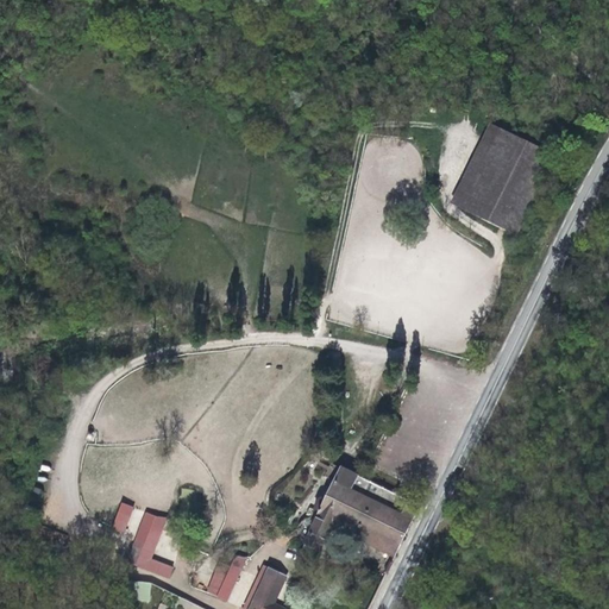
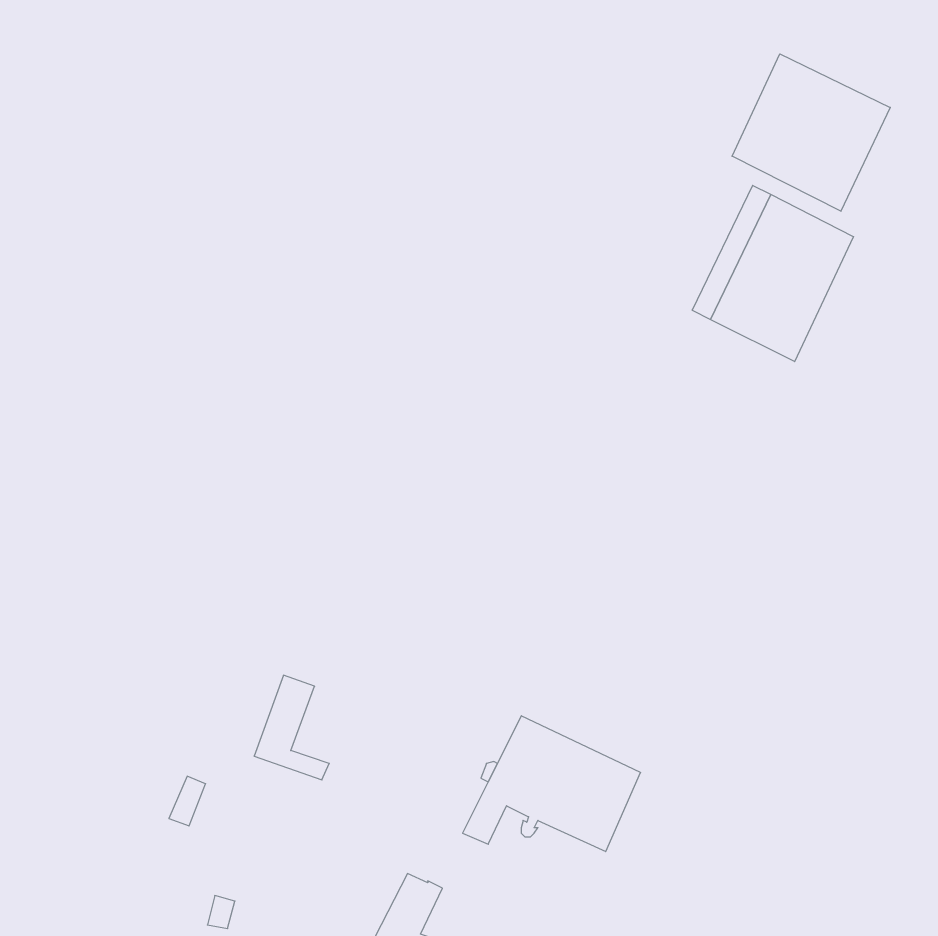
building: none -> [732,54,890,211]
building: [126,513,175,580] -> [254,675,329,780]
building: [206,557,245,602] -> none

